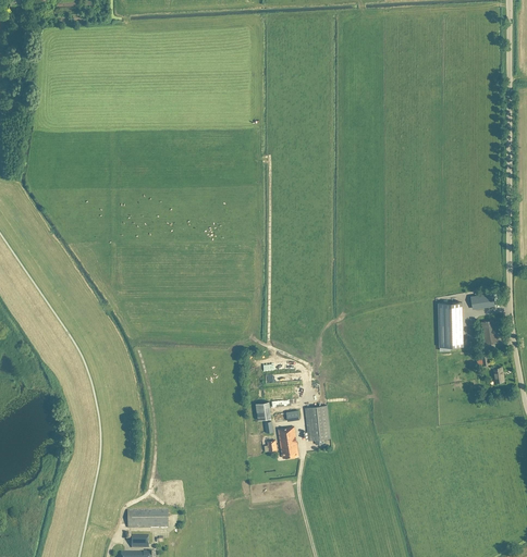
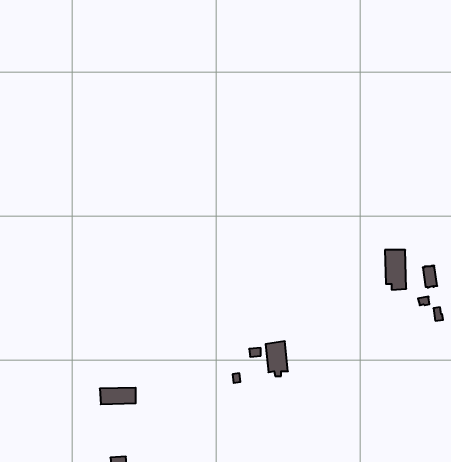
building: [277,428,296,458] -> none
building: [125,509,166,528] -> [100,388,136,404]

